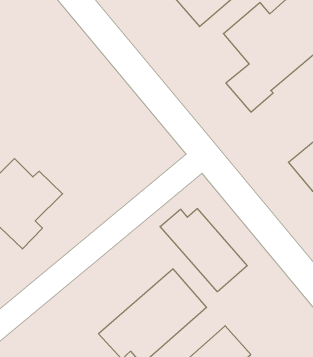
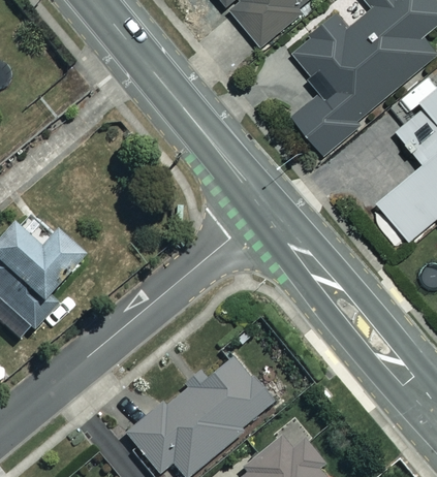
building: [160,209,247,292] -> none

